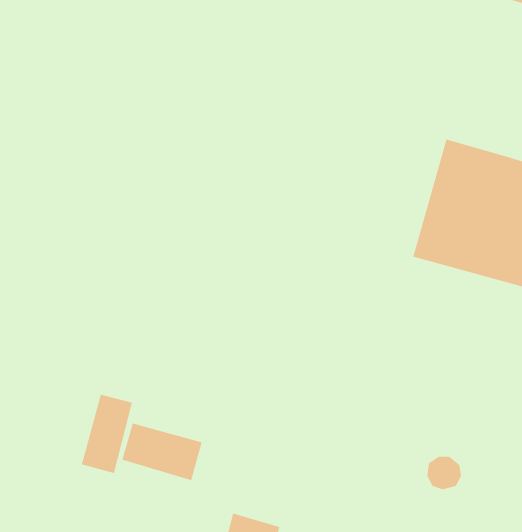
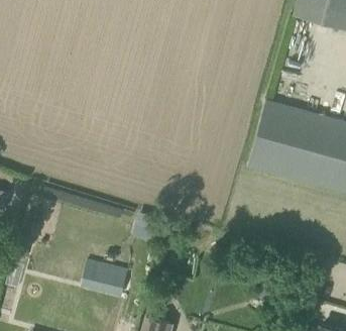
building: [81,394,132,474] -> none

